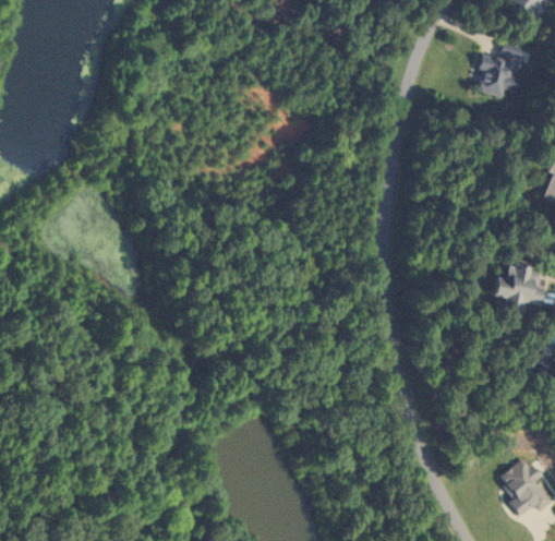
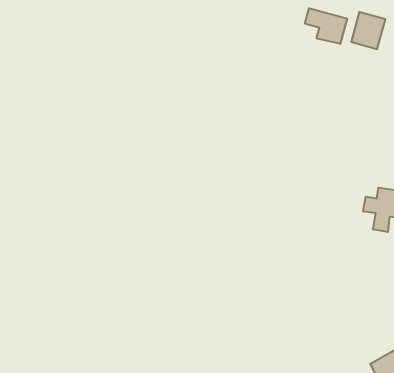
building: none -> [305,8,347,44]

